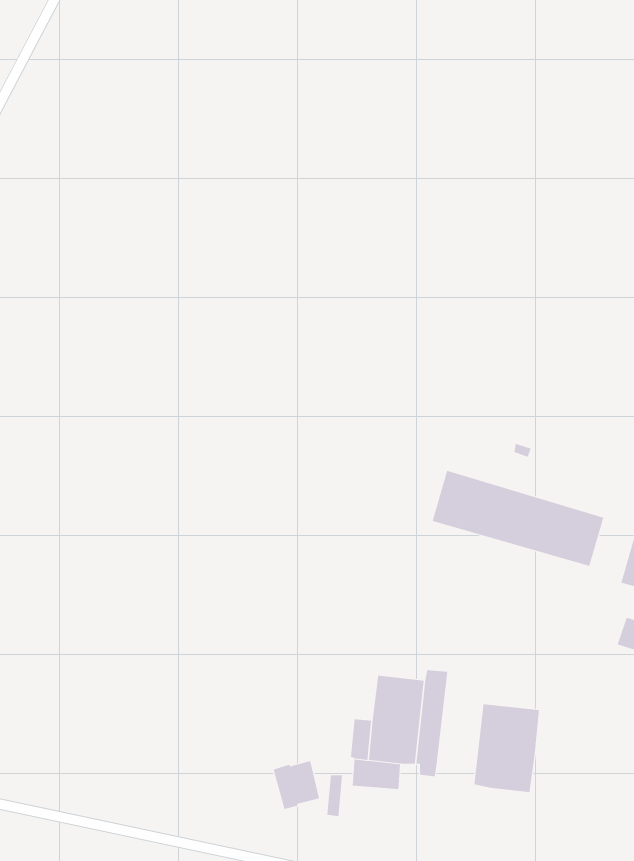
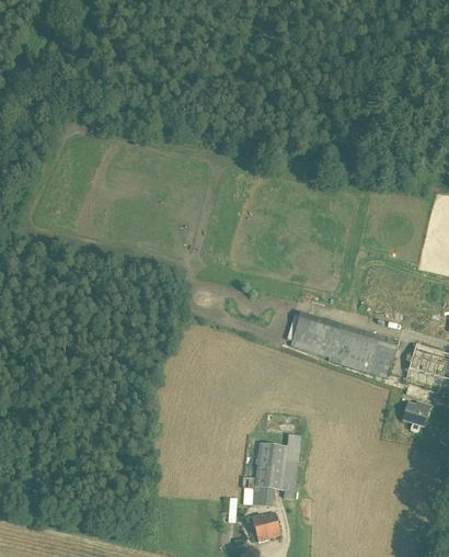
building: [474,703,540,793] -> none
building: [273,761,320,809] -> [252,513,280,543]

